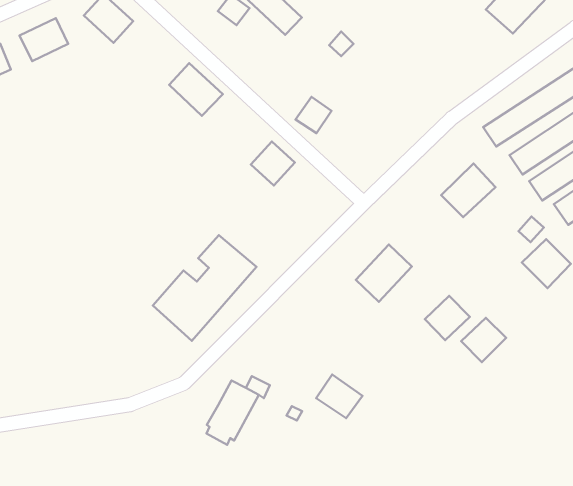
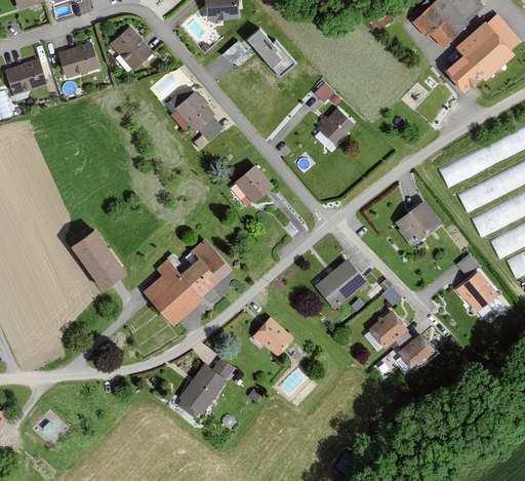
building: [296,97,331,133] -> [320,113,351,144]
building: none -> [71,227,125,287]
building: [316,375,362,418] -> [252,316,291,354]

